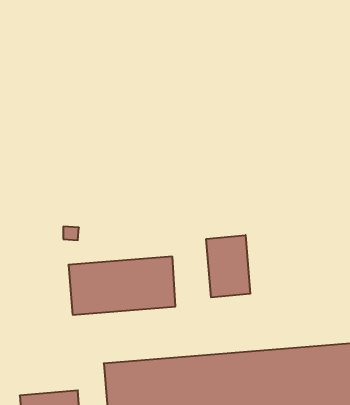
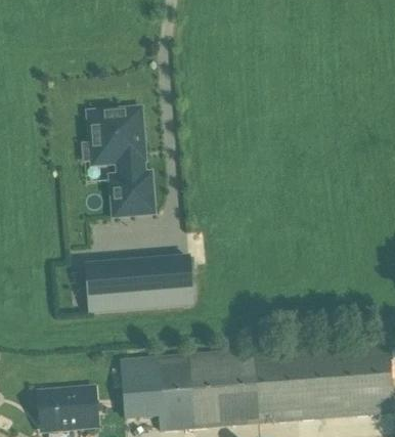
building: none -> [83,107,151,213]
building: [206,235,250,297] -> none

